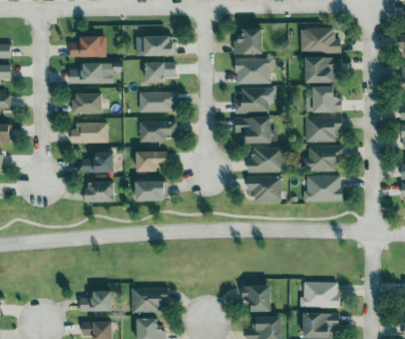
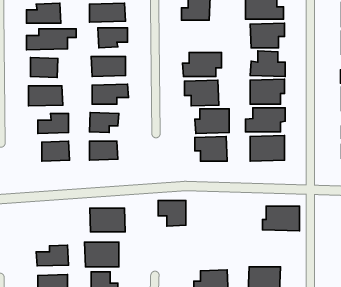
building: [236,57,273,83] -> none
building: none -> [90,208,125,232]
building: [300,282,339,308] -> [262,206,299,231]
building: [243,285,272,312] -> [158,200,186,226]

